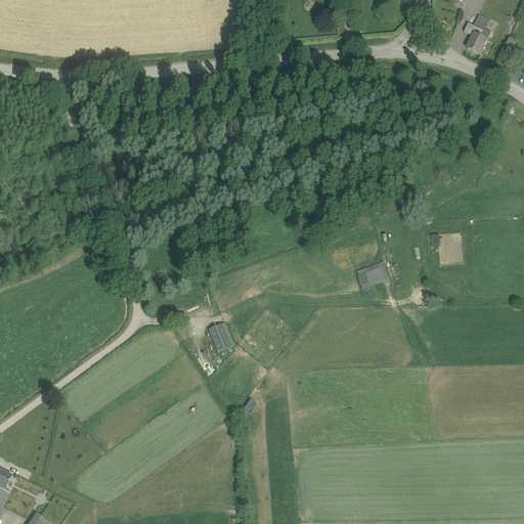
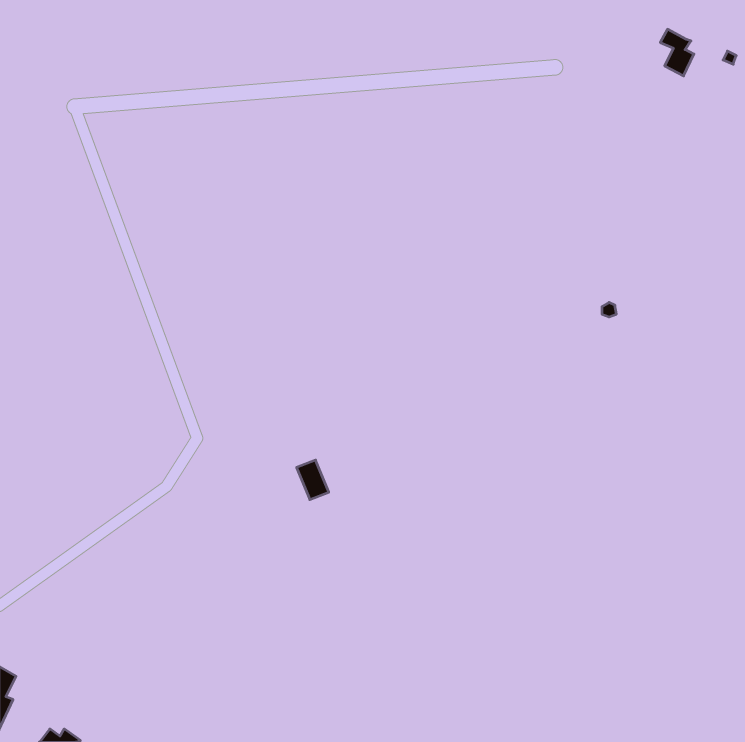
building: [357,264,389,288] -> none

